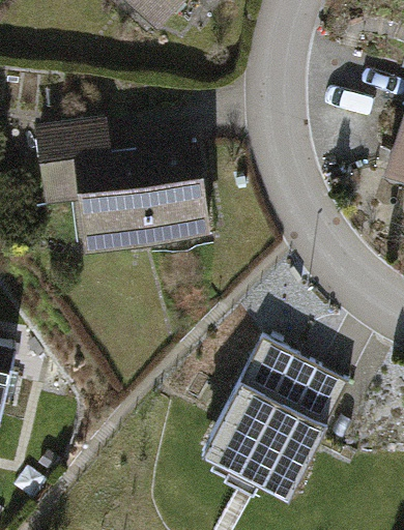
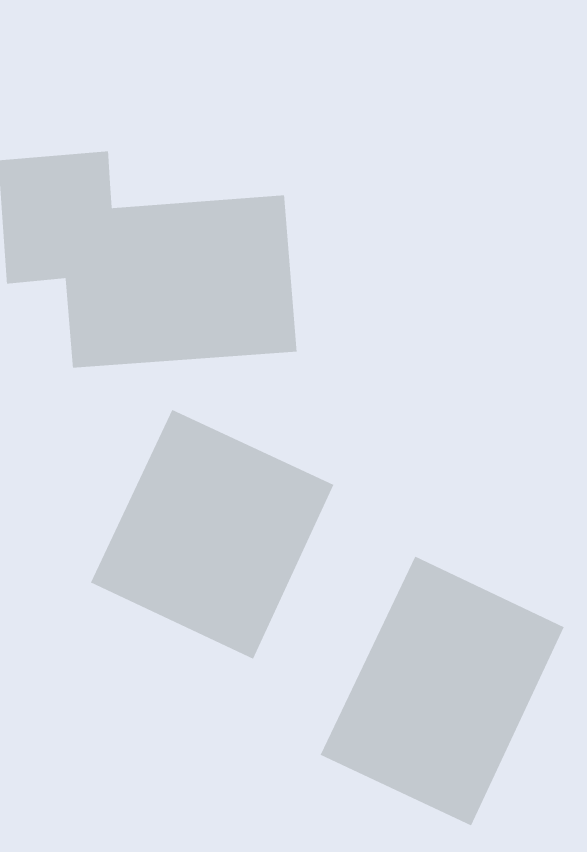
building: none -> [90,409,334,660]

